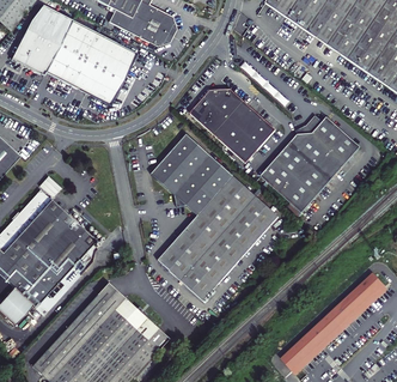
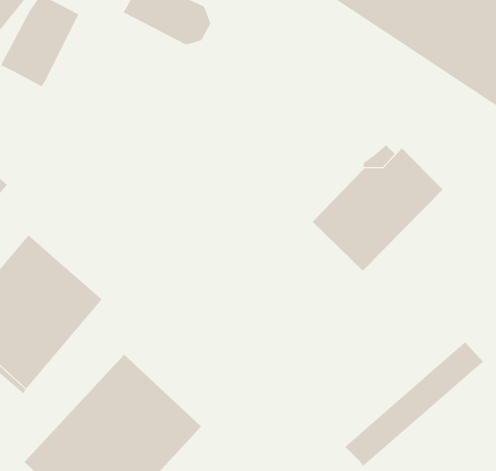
building: [48,19,140,104] -> none
building: [185,89,270,165] -> none
building: [151,137,280,303] -> none

